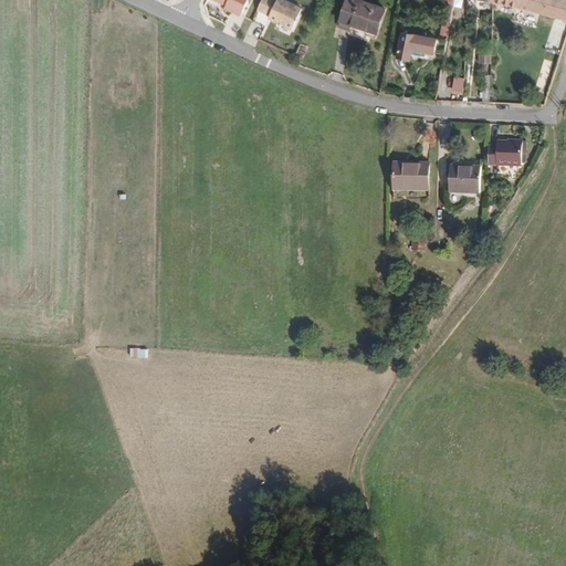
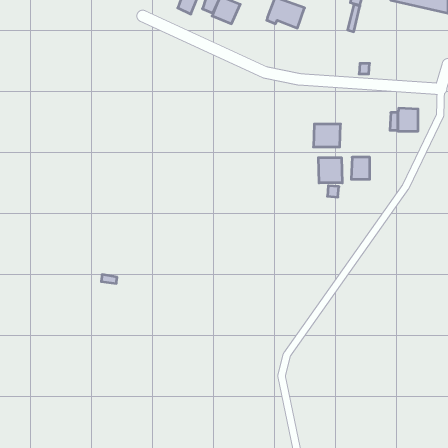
building: [395,32,436,62] -> none
building: [459,159,482,187] -> [351,157,370,179]
building: none -> [318,158,342,183]

